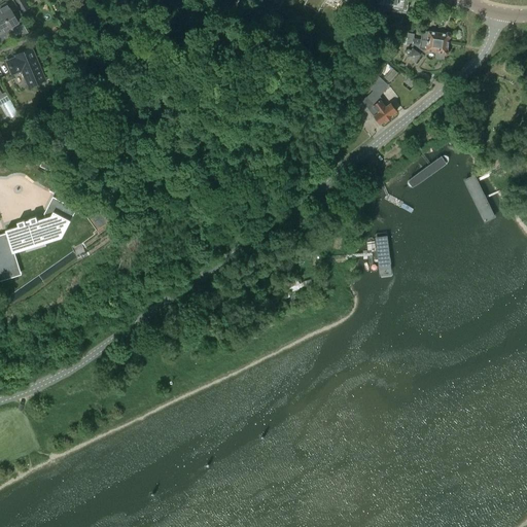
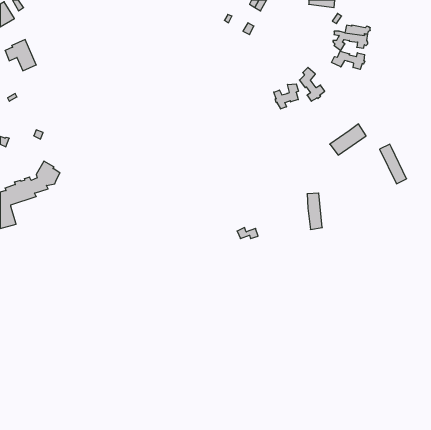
building: none -> [332,51,365,69]
building: none -> [274,84,298,109]

